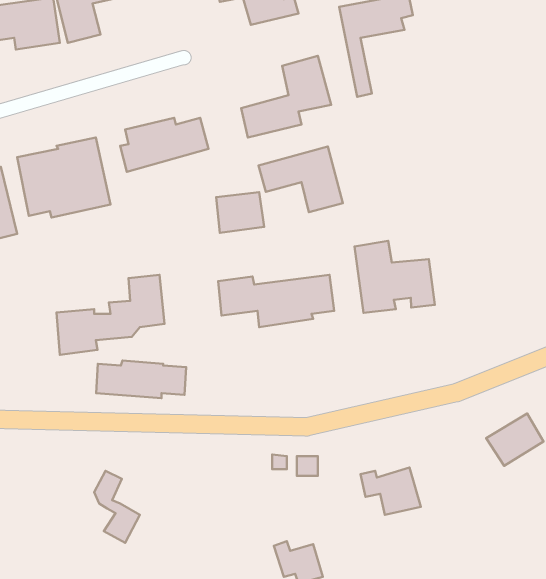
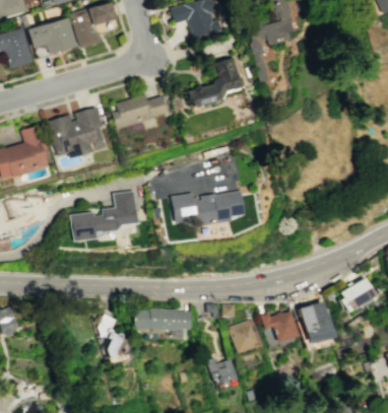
building: [258,146,343,212] -> none
building: [216,192,264,233] -> none
building: [355,241,435,313] -> none
building: [96,361,186,398] -> [134,308,190,332]
building: none -> [297,301,331,344]
building: none -> [229,322,261,353]

